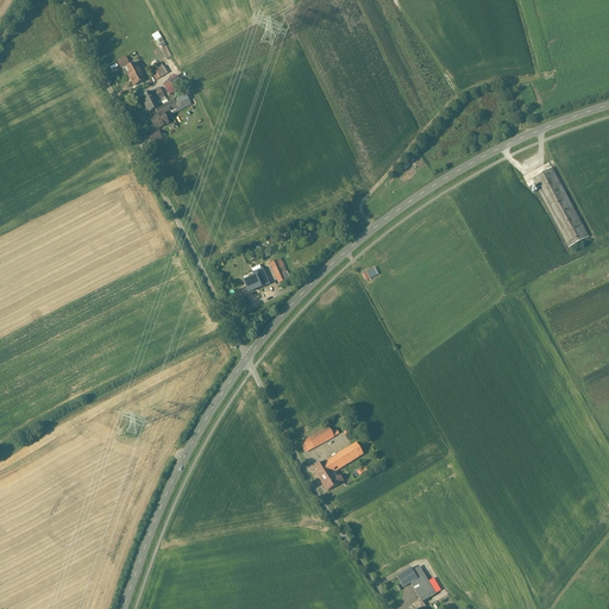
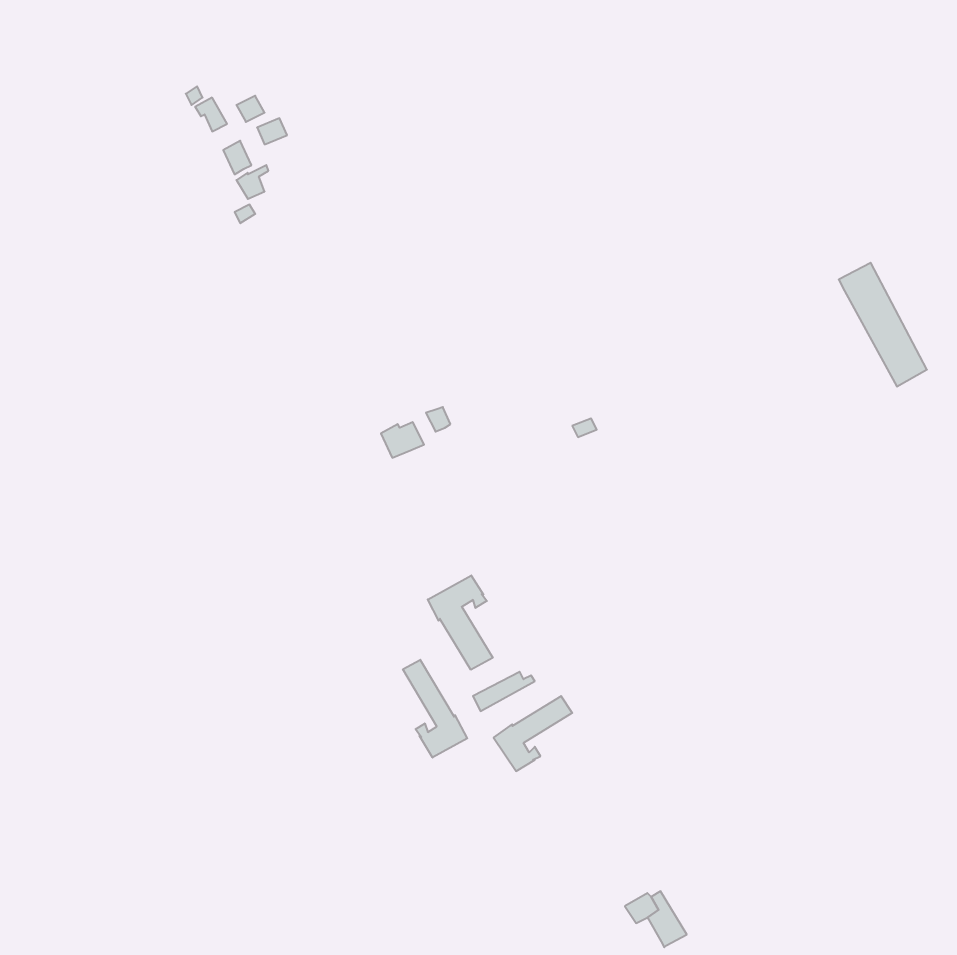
building: none -> [428,575,493,670]
building: none -> [403,660,467,758]

